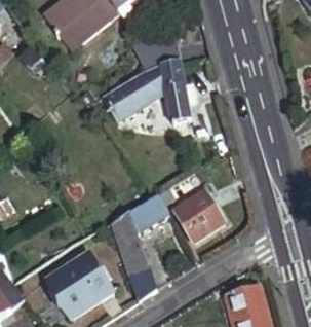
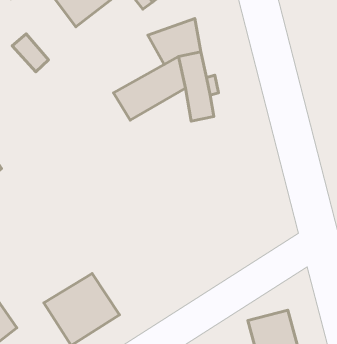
building: [172,190,223,242] -> none
building: [110,195,168,299] -> none

